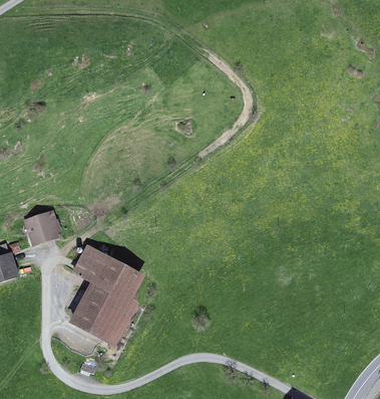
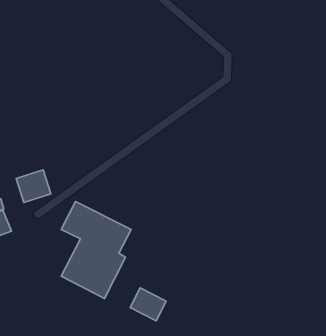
building: none -> [130,288,166,321]

